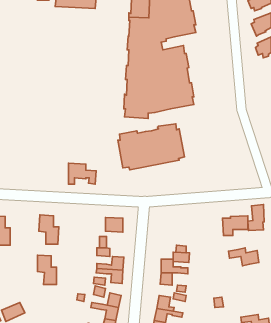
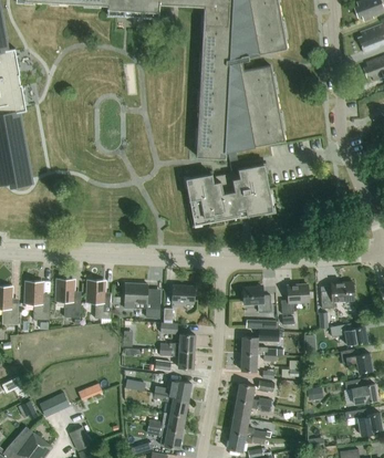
building: [68,163,96,184] -> [125,282,160,309]
building: [248,205,264,231] -> none
building: none -> [281,284,309,314]
building: none -> [242,288,271,312]
building: [37,255,57,285] -> [56,280,81,318]
building: none -> [339,350,372,373]
building: none -> [344,377,377,404]

